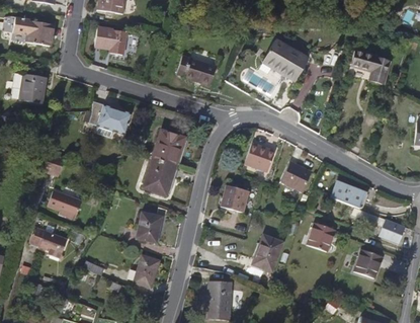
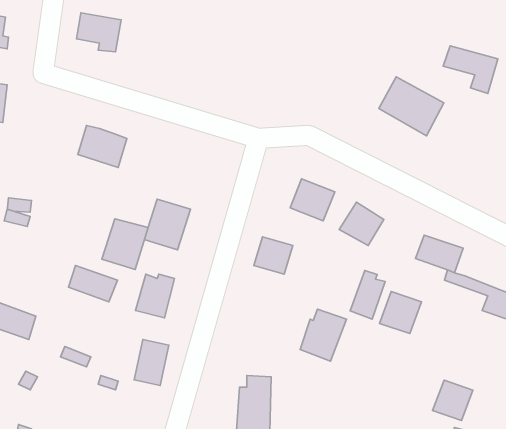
building: [262,41,308,82] -> [379,77,444,136]
building: [177,55,217,85] -> none
building: [151,129,183,164] -> [102,219,148,269]
building: [46,190,80,216] -> [68,266,118,302]
building: none -> [350,270,385,319]
building: [353,249,382,277] -> [432,380,473,421]

